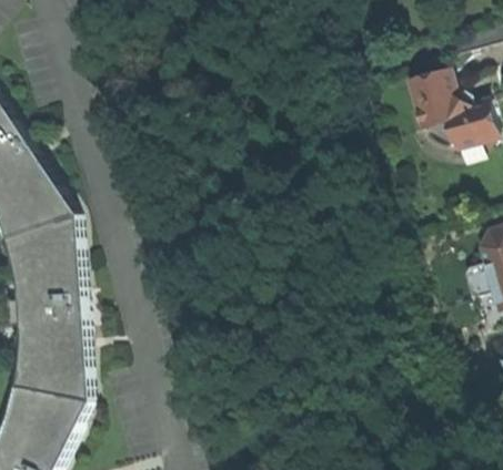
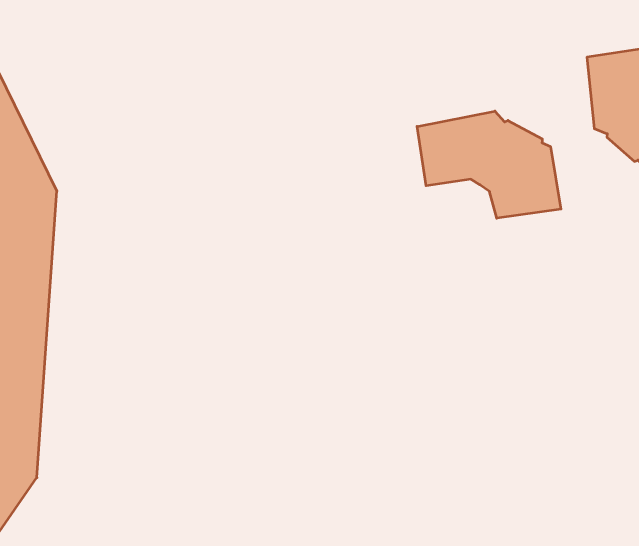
building: none -> [417,111,561,218]

